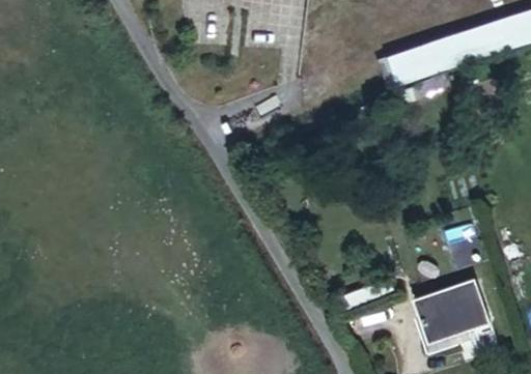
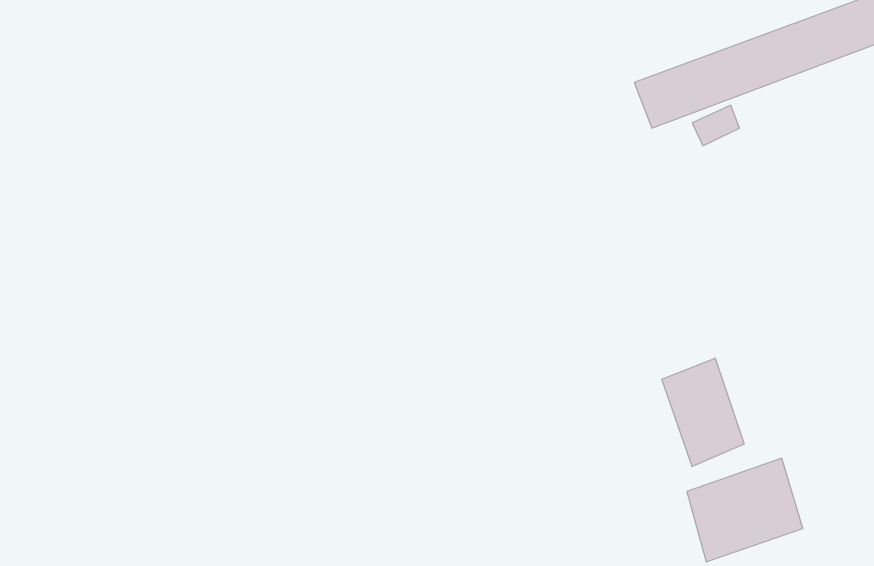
building: none -> [662,358,744,467]

